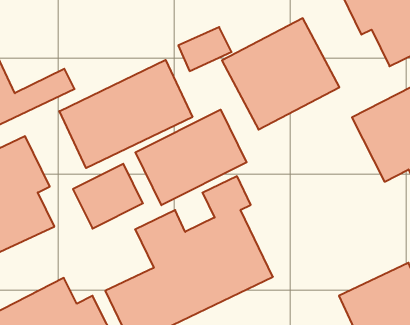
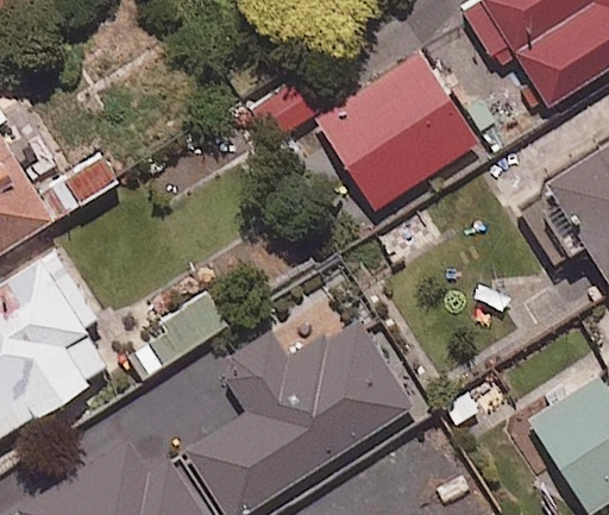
building: [59,60,192,168] -> none
building: [135,110,247,205] -> none

